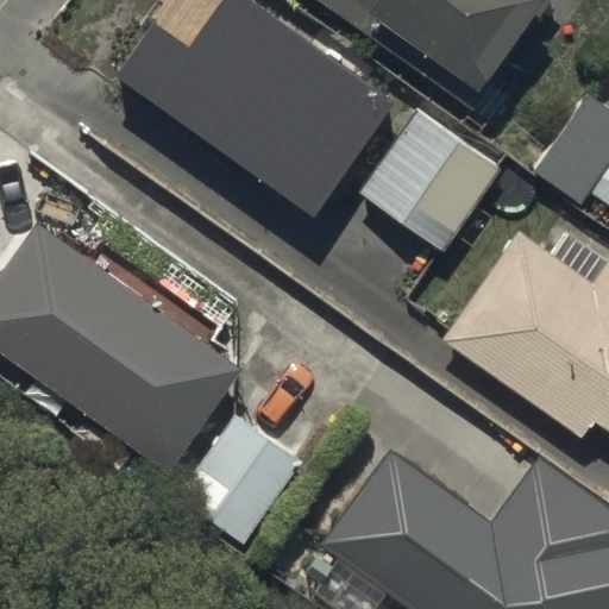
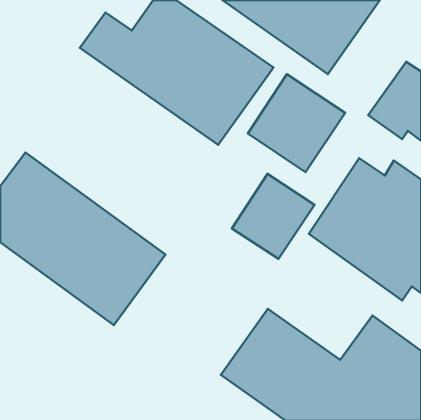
building: none -> [232,174,314,259]
building: [181,417,302,544] -> none

